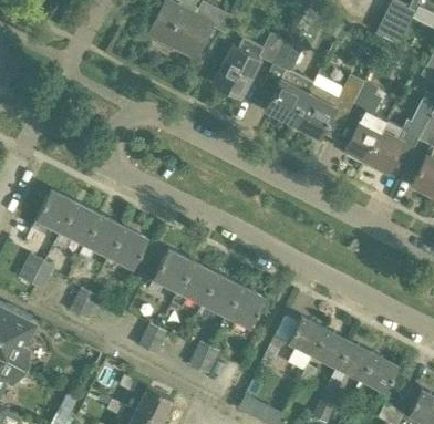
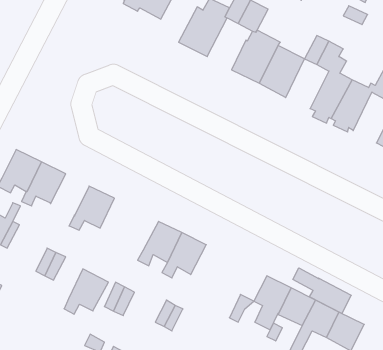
building: [79,215,123,260] -> none
building: [148,249,193,294] -> [64,269,108,314]
building: [219,286,265,330] -> none
building: none -> [293,268,351,313]

